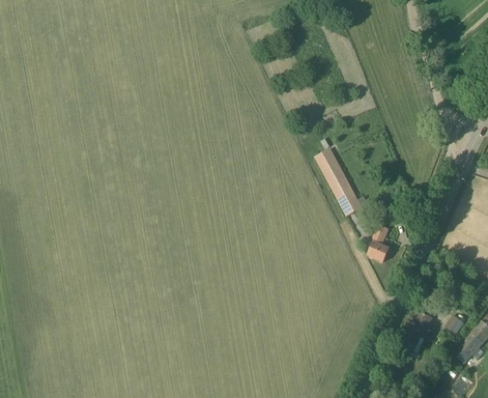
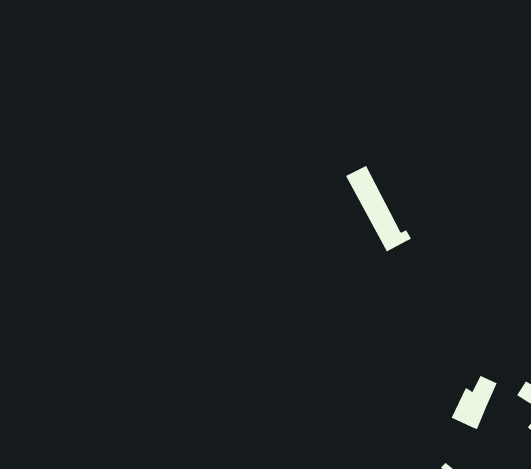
building: [369,224,389,262] -> none

